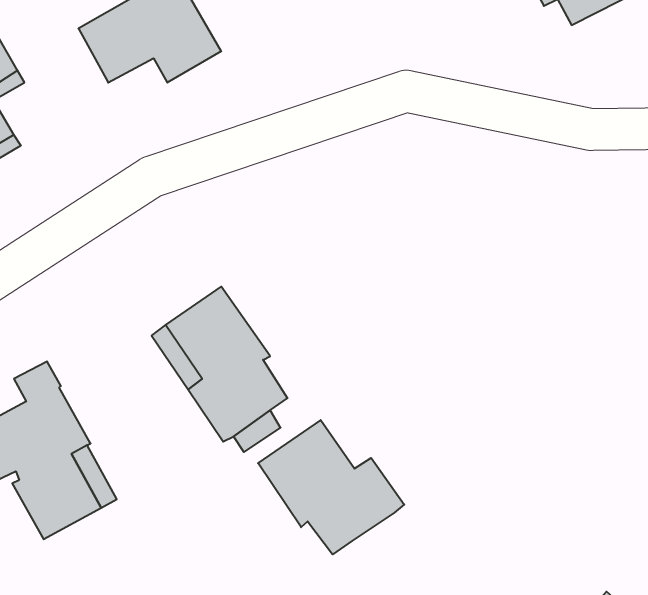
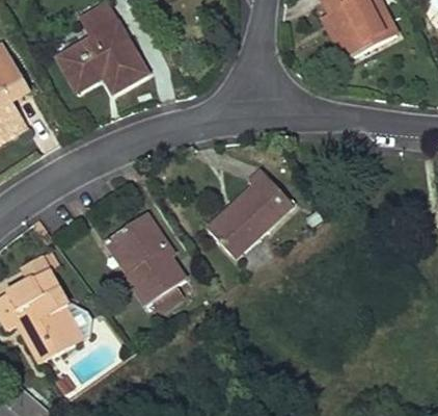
building: none -> [209,168,295,257]
building: [258,420,404,554] -> none

